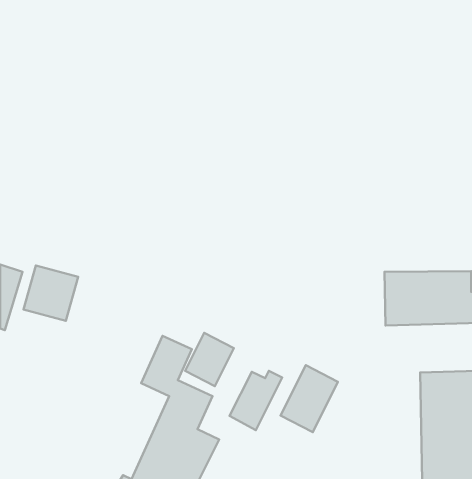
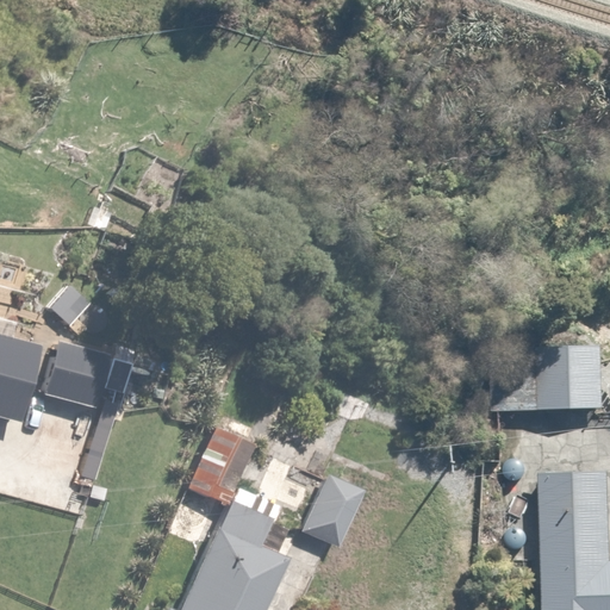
building: [185,333,234,386] -> none
building: [281,365,338,432] -> none

